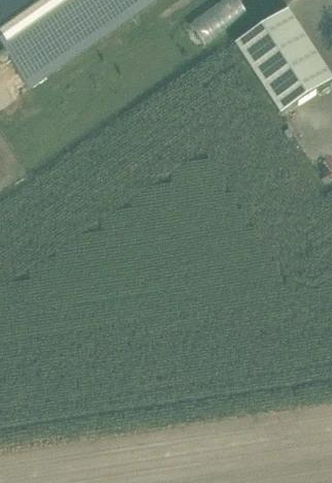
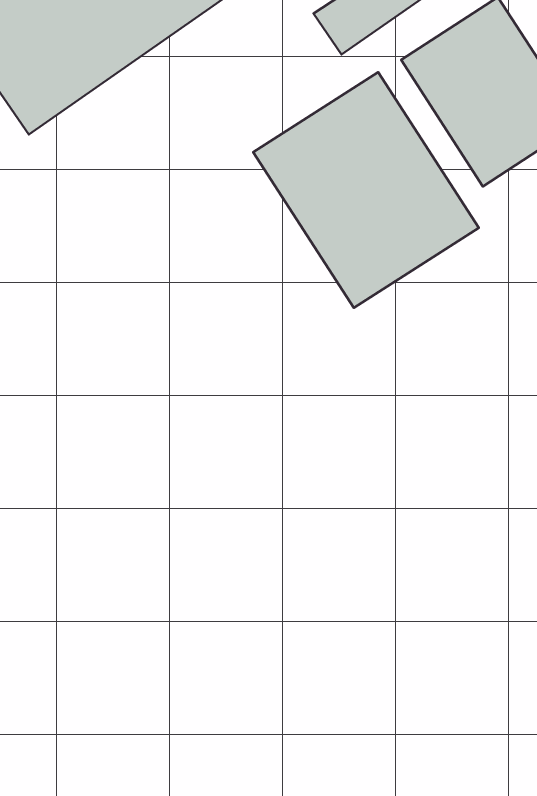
building: none -> [253,72,479,308]

